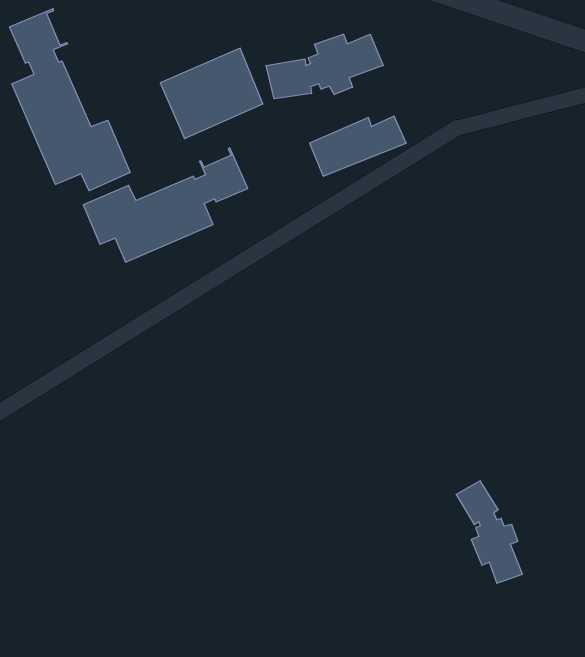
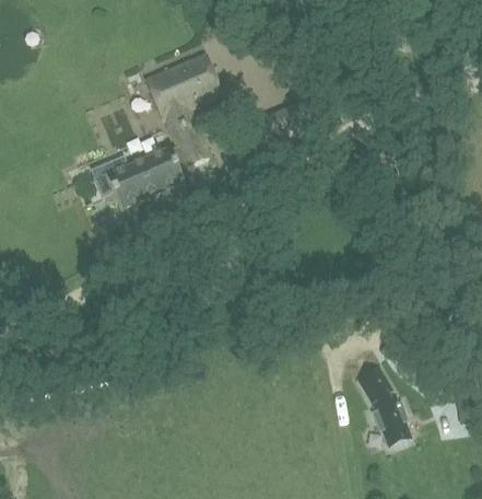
building: [10,9,130,191] -> none
building: [266,34,383,99] -> none

